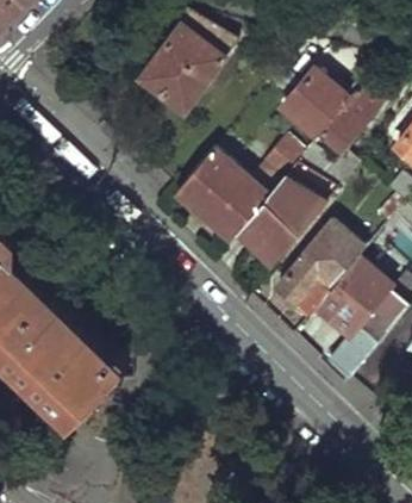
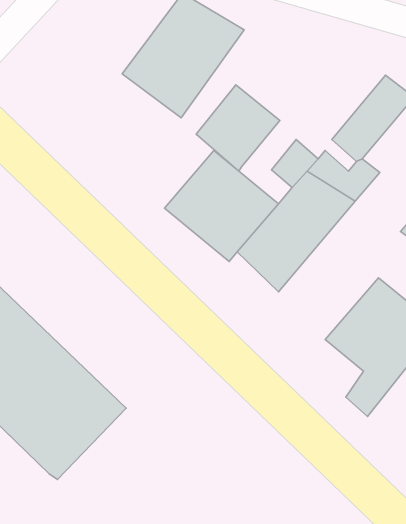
building: [276,64,349,139] -> [196,85,280,171]
building: [270,218,364,317] -> none

